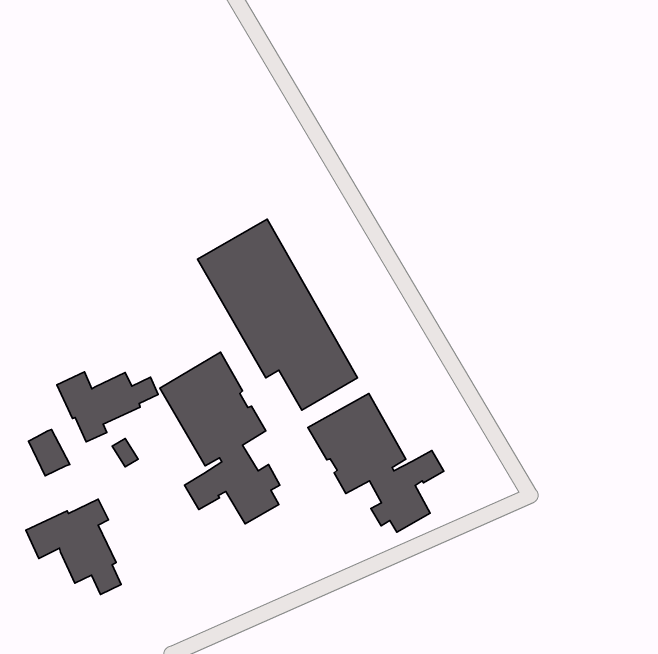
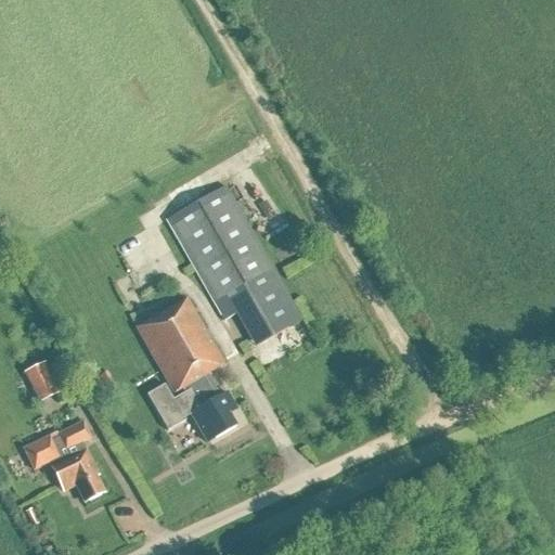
building: [57,372,158,442] -> none
building: [308,394,444,532] -> none

